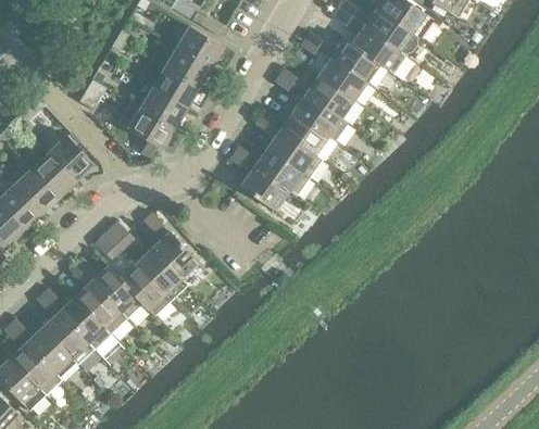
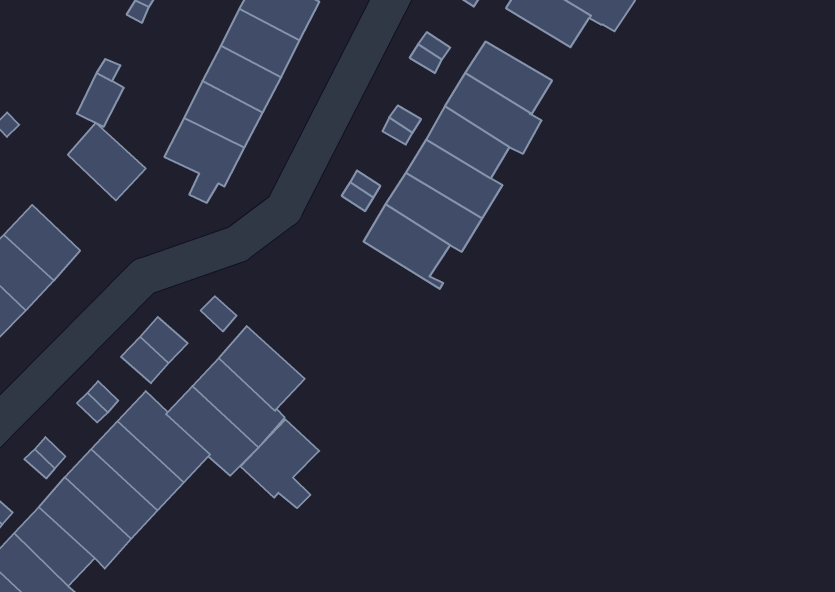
building: [317,56,366,100] -> none
building: [49,135,93,180] -> [68,123,146,200]
building: none -> [240,420,319,508]

